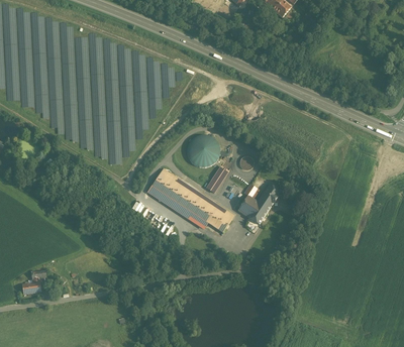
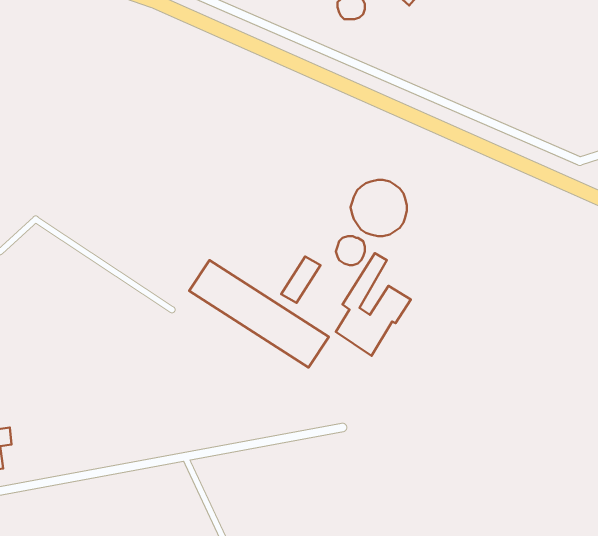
building: [185,135,218,168] -> [350,180,407,236]

